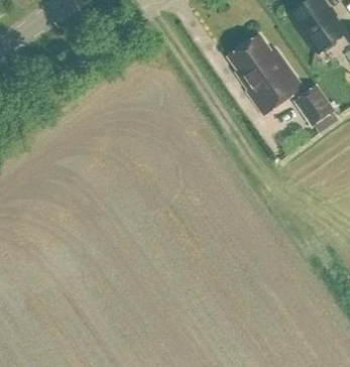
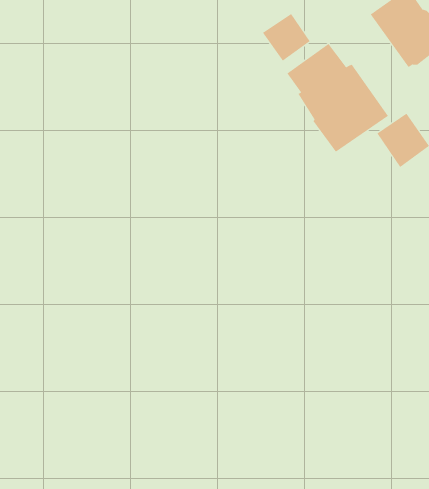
building: none -> [262,13,311,61]

